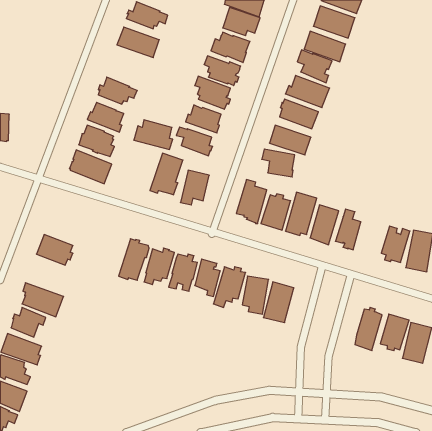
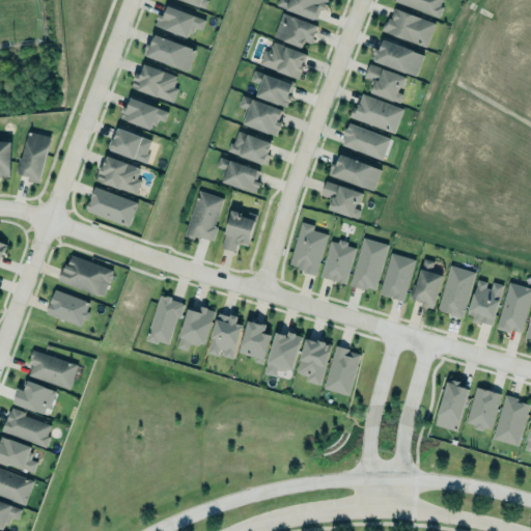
building: none -> [20,133,50,185]
building: [134,120,173,149] -> [131,66,178,103]
building: none -> [58,255,114,297]
building: none -> [438,264,476,318]

